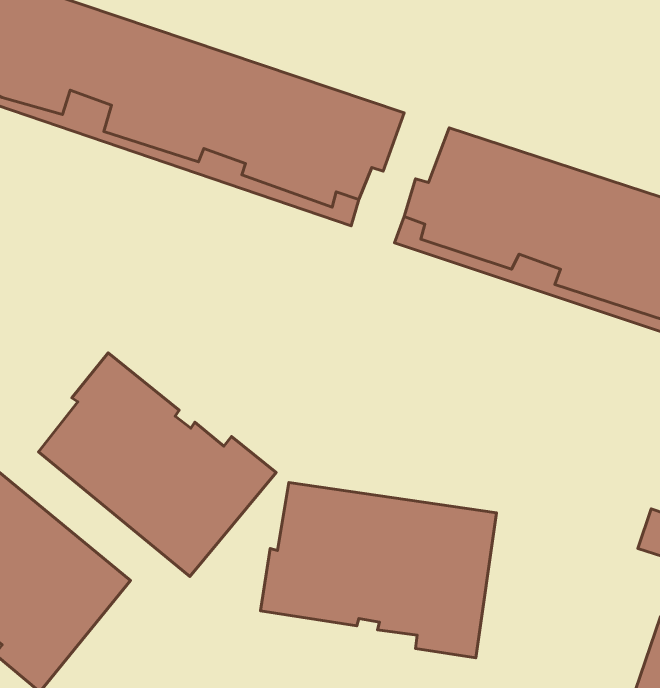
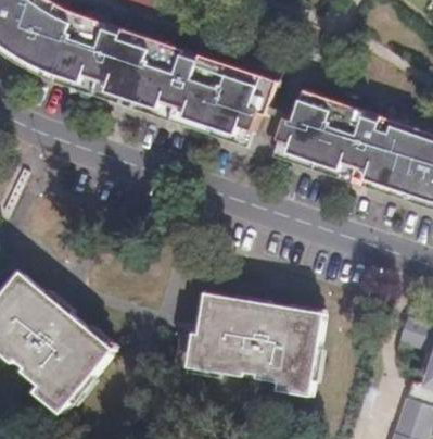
building: [38,353,276,576] -> none

